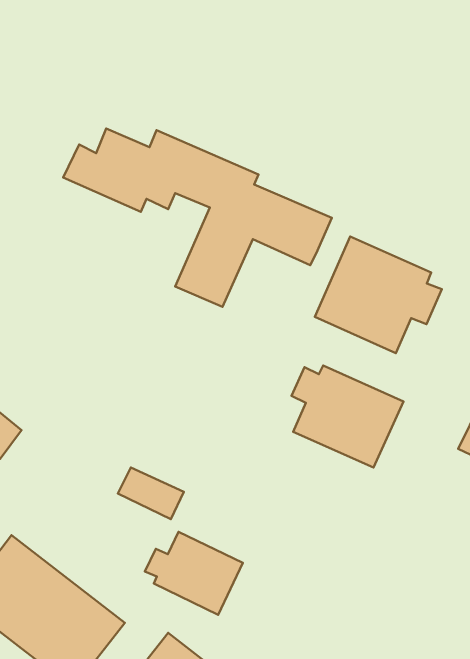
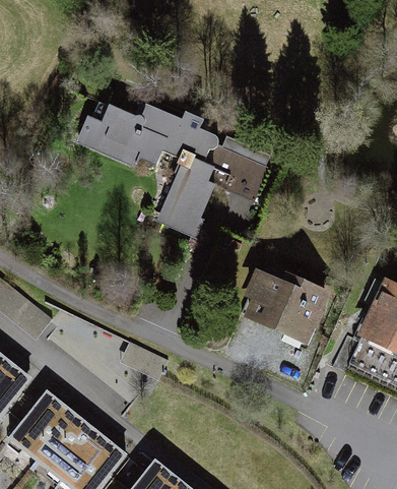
building: [315,236,442,353] -> none
building: [145,532,243,615] -> none

